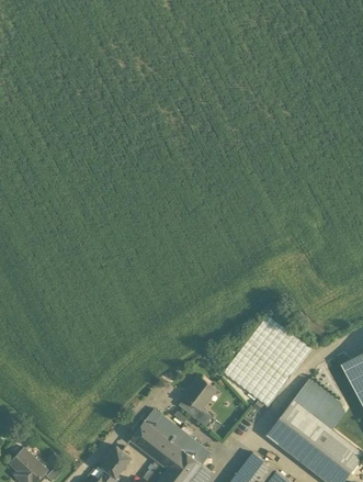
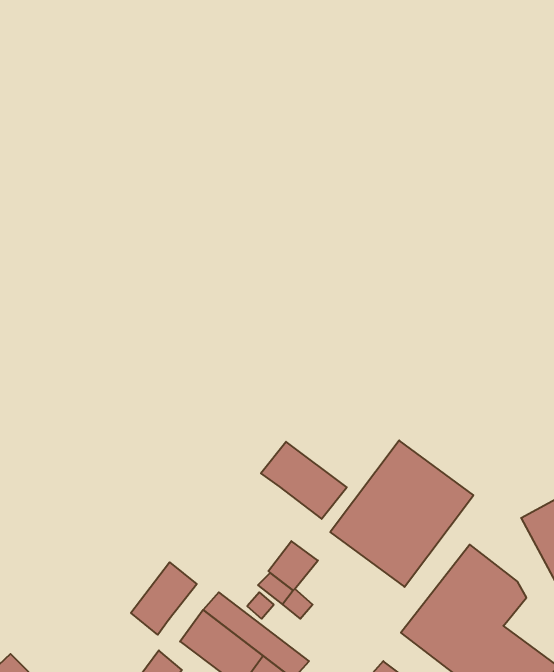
building: none -> [261,442,347,519]
building: none -> [131,562,197,635]

